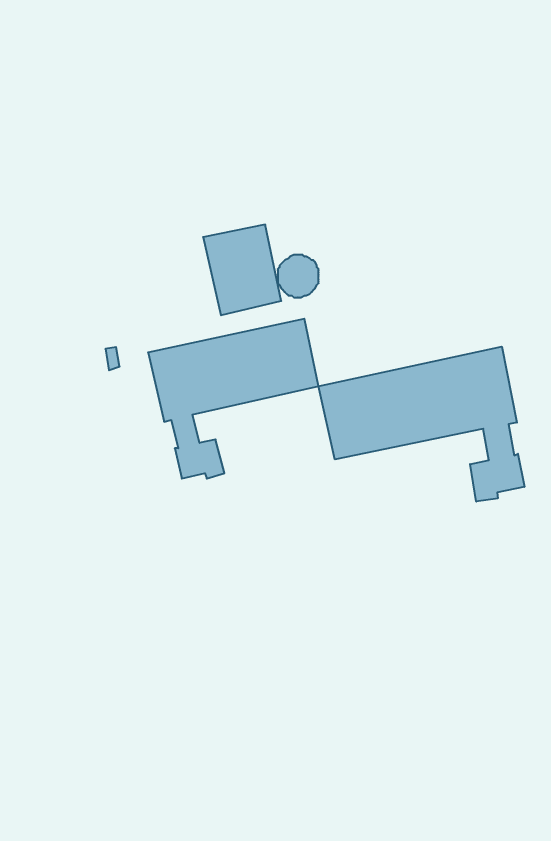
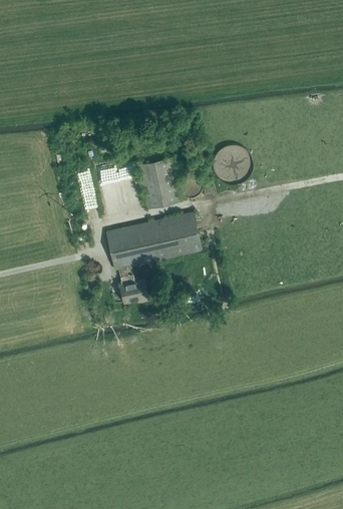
building: none -> [213,145,252,185]
building: [319,347,524,502] -> none

